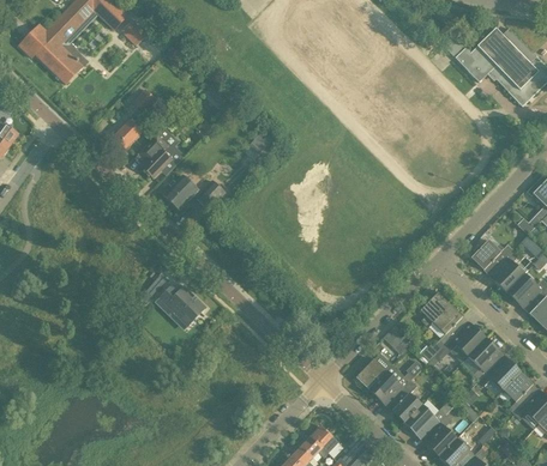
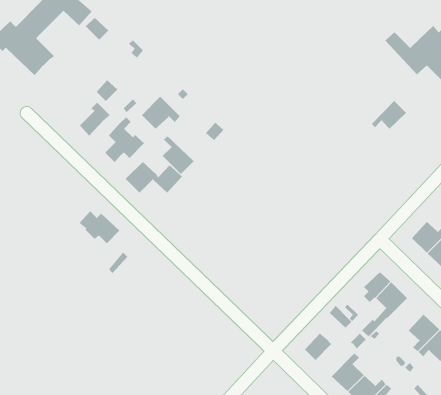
building: none -> [141,96,181,130]
building: none -> [371,100,407,130]
building: none -> [162,136,194,175]
building: [161,284,205,320] -> [79,211,120,244]
building: [445,322,485,357] -> none
building: [368,371,410,406] -> none

